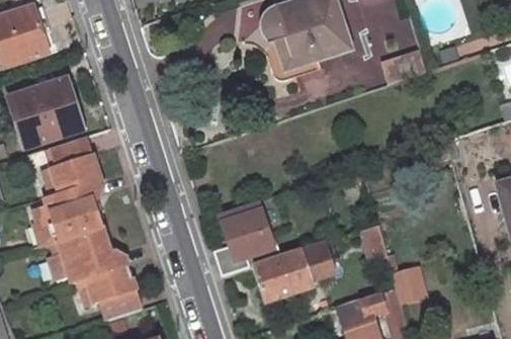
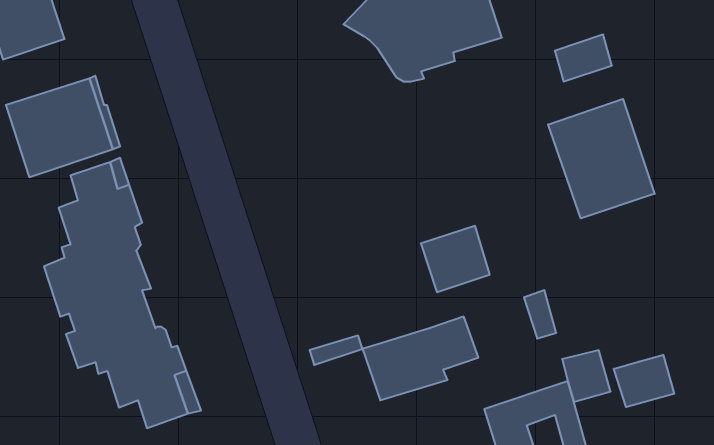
building: none -> [548,99,655,218]
building: [219,200,266,246] -> [421,226,490,292]
building: none -> [614,355,674,407]

